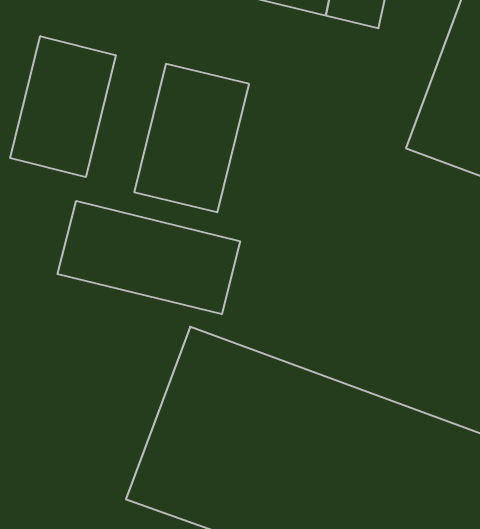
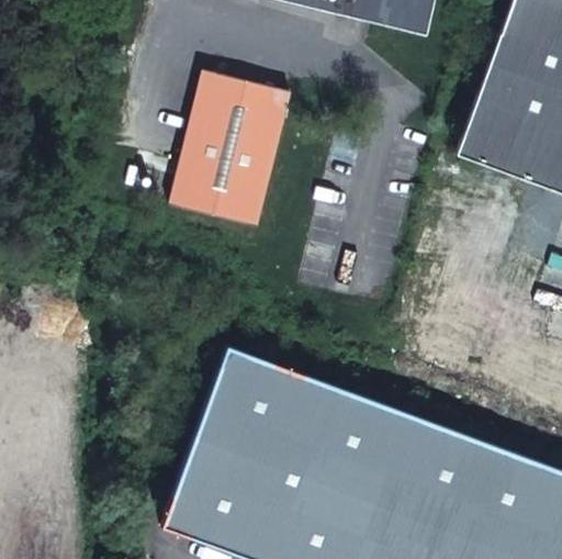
building: [10,36,116,177] -> none
building: [58,201,240,314] -> none

